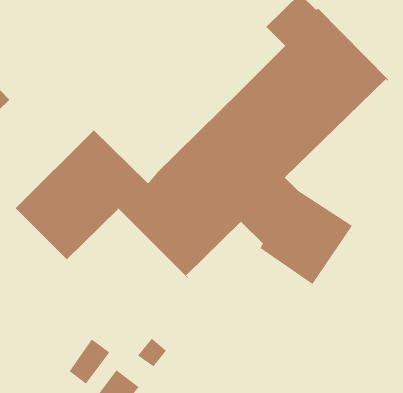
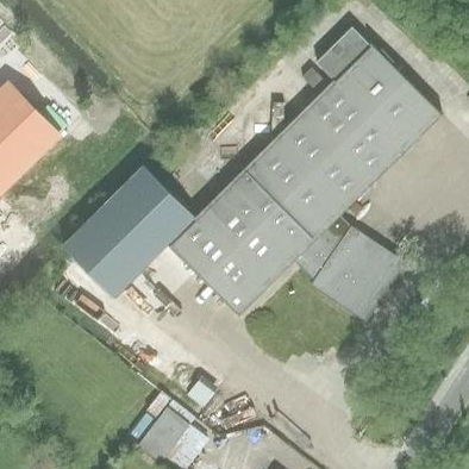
building: [69,339,110,384] -> none

